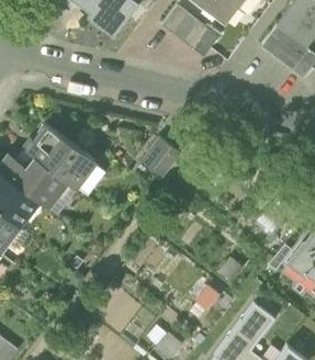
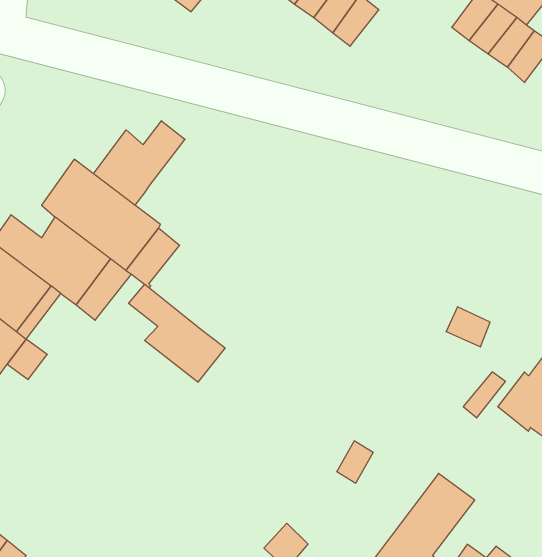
building: none -> [93,121,185,205]
building: [140,135,180,176] -> none
building: none -> [129,284,225,382]

